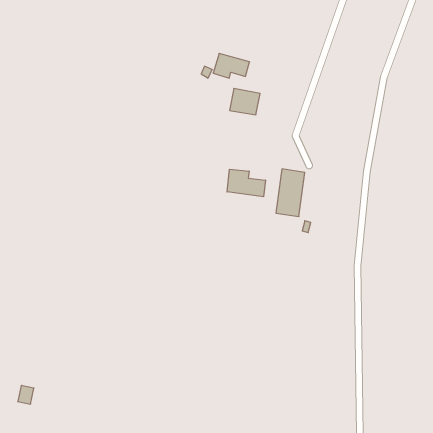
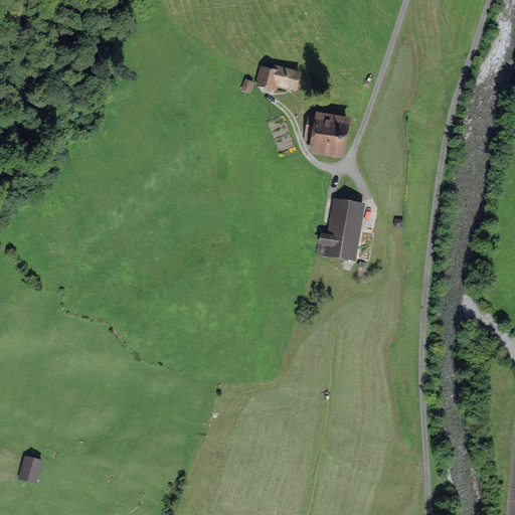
building: [230,88,260,115] -> [313,117,349,148]
building: [227,169,265,197] -> none

